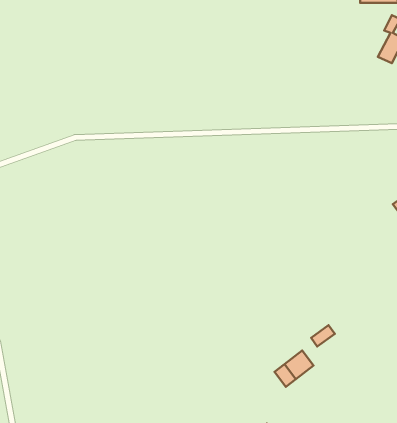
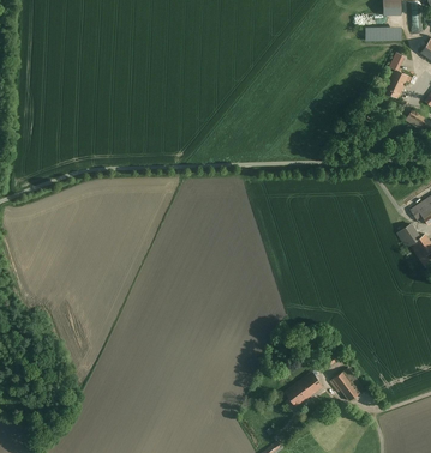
building: none -> [330,367,364,400]

